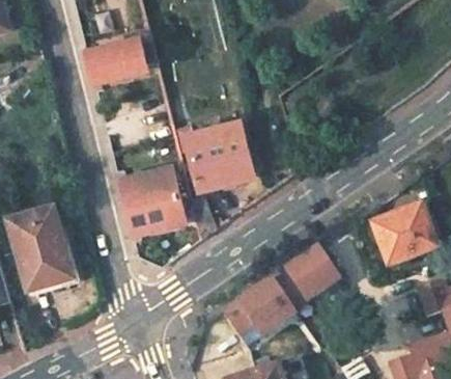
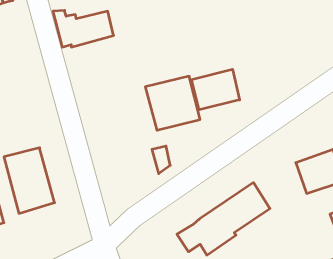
building: none -> [191,69,240,110]
building: [117,163,185,231] -> none

